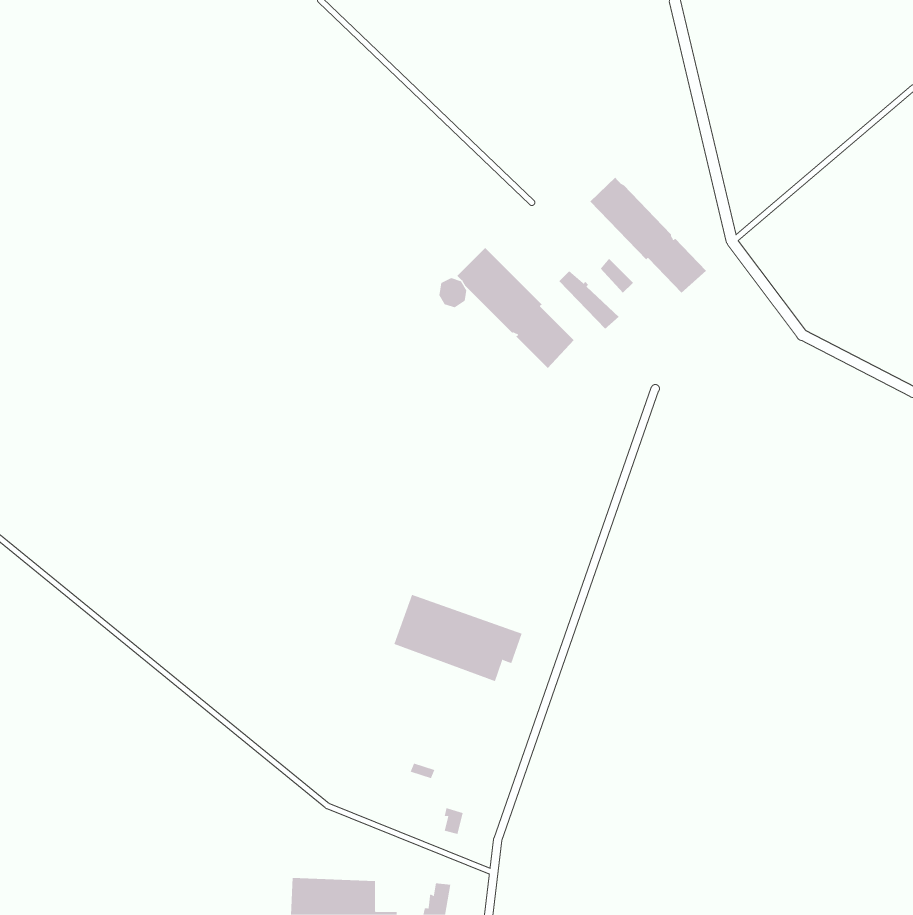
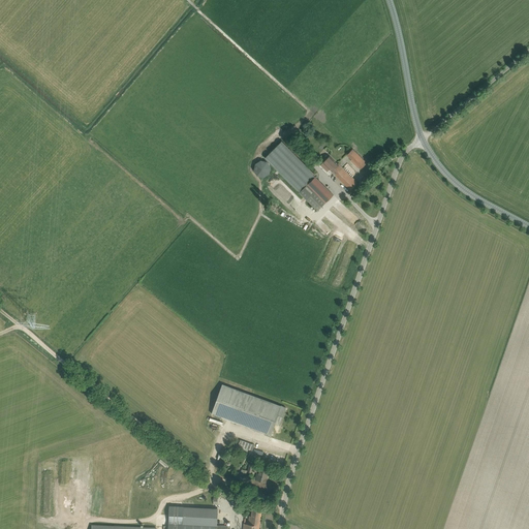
building: [590,177,707,294] -> none
building: [394,594,522,682] -> [211,384,285,435]

